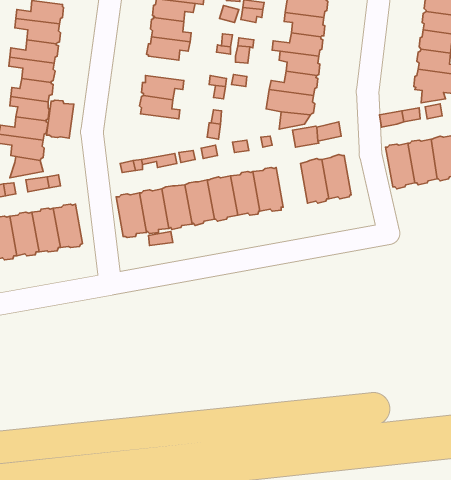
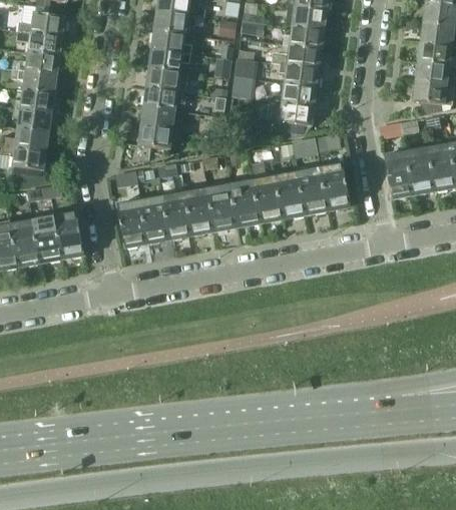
building: none -> [146,66,185,90]
building: [47,100,74,138] -> none
building: none -> [137,123,179,147]
building: none -> [276,172,307,215]

